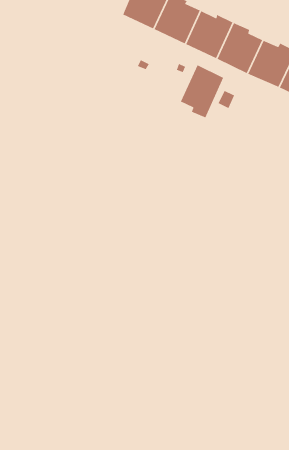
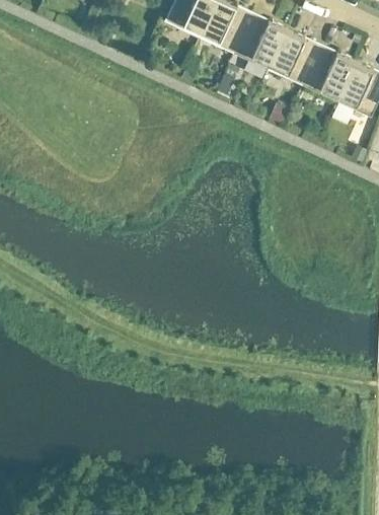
building: [180,64,224,118] -> none

